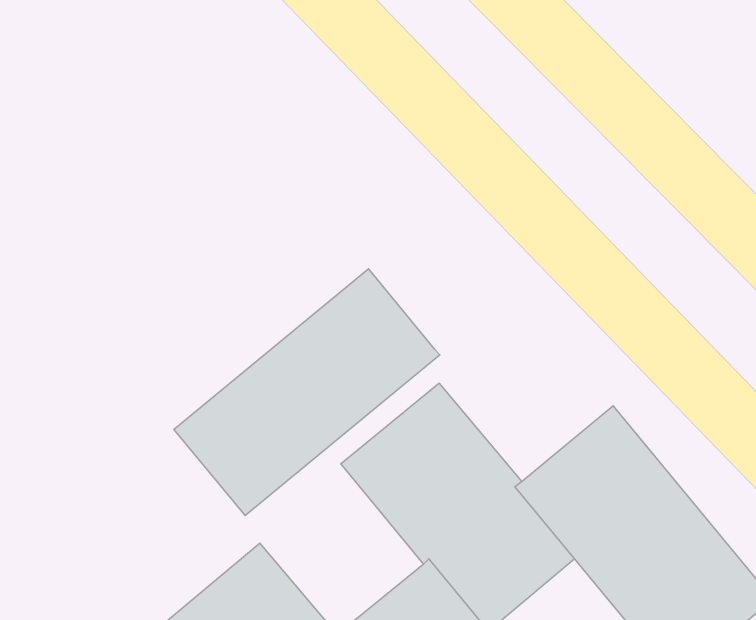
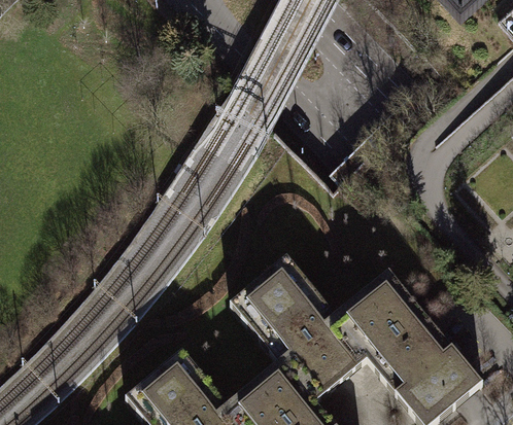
building: [174,269,440,515] -> none

